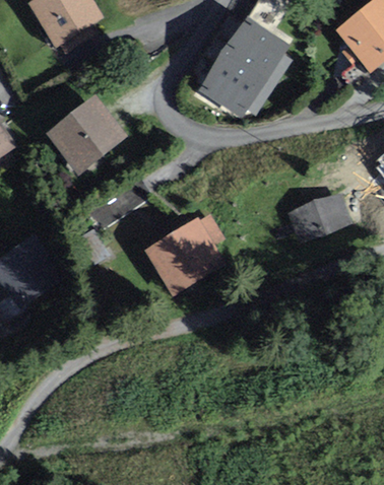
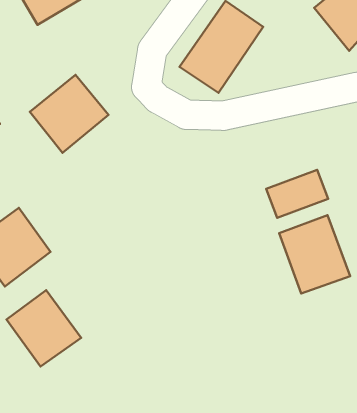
building: [148,217,231,289] -> none
building: none -> [279,215,350,293]
building: none -> [7,290,81,367]

